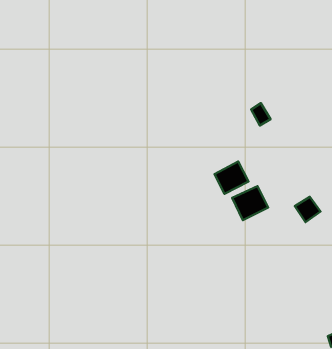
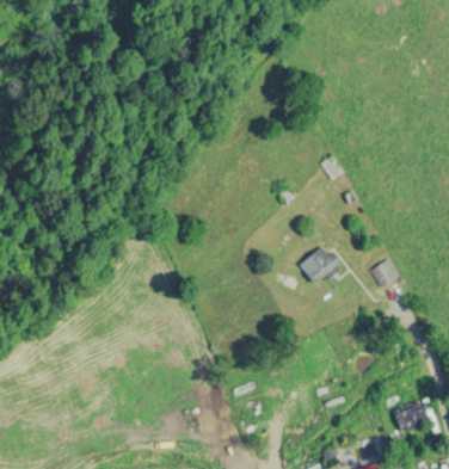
building: [215,161,249,194] -> none

